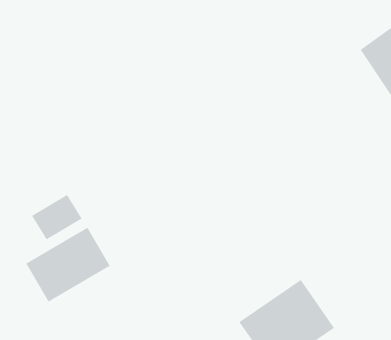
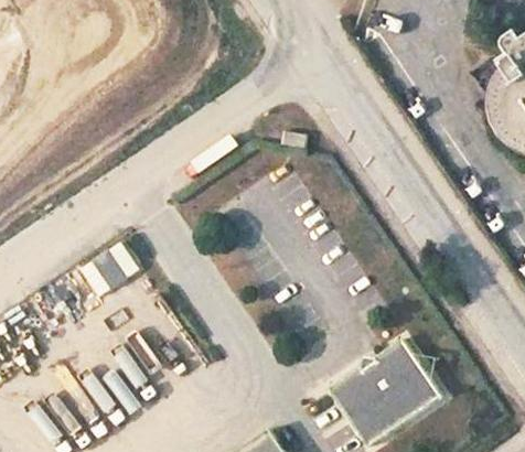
building: [26,227,110,303] -> none

